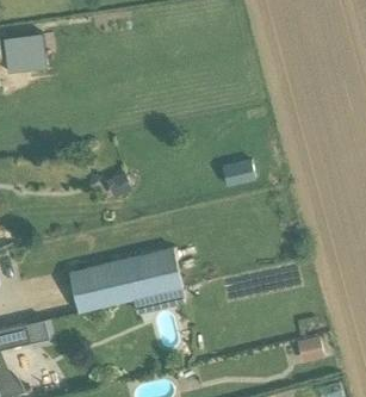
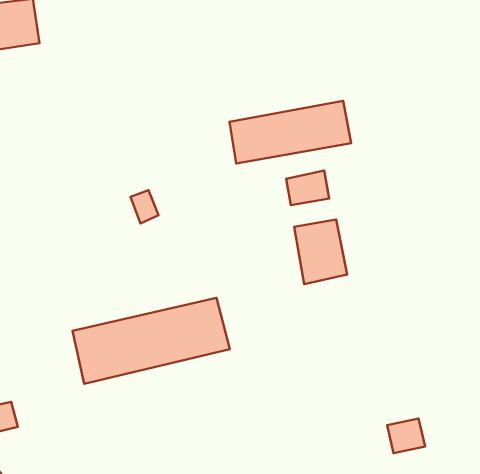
building: none -> [230,101,351,164]
building: none -> [294,219,347,284]

